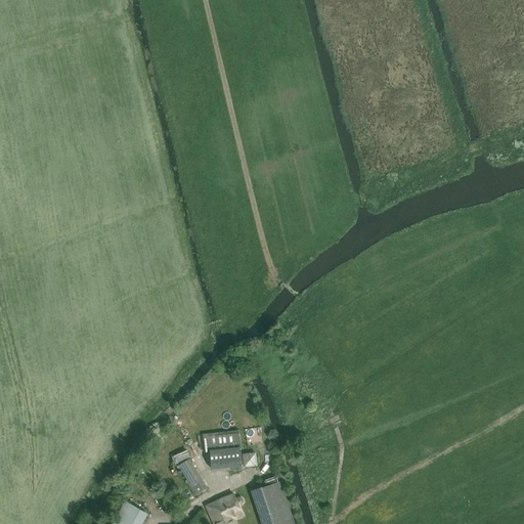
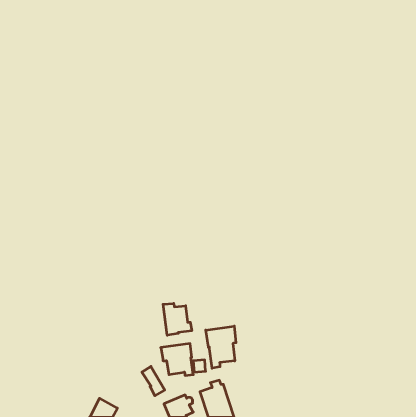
building: none -> [163,303,192,335]
building: none -> [206,326,236,368]

